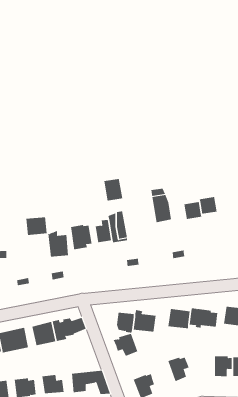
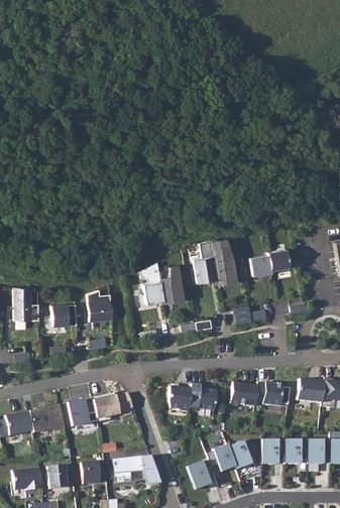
building: [104,178,123,201] -> [192,255,215,282]
building: [26,217,48,235] -> [49,302,76,325]
building: [70,224,92,250] -> none
building: [113,333,138,357] -> [207,444,237,473]
building: none -> [262,439,285,465]

